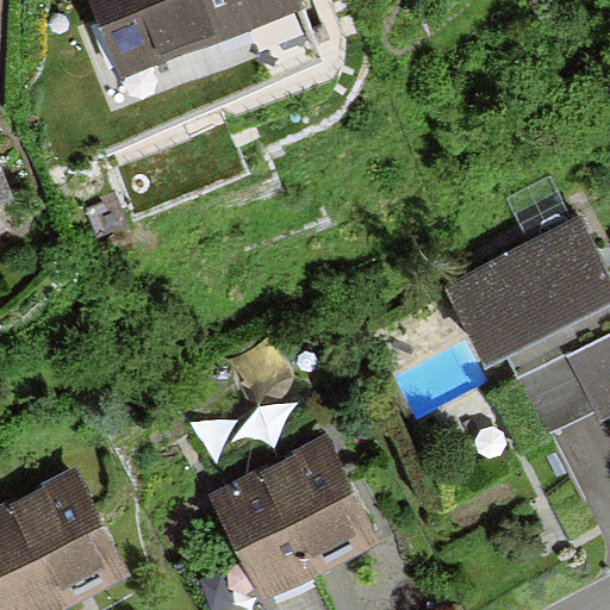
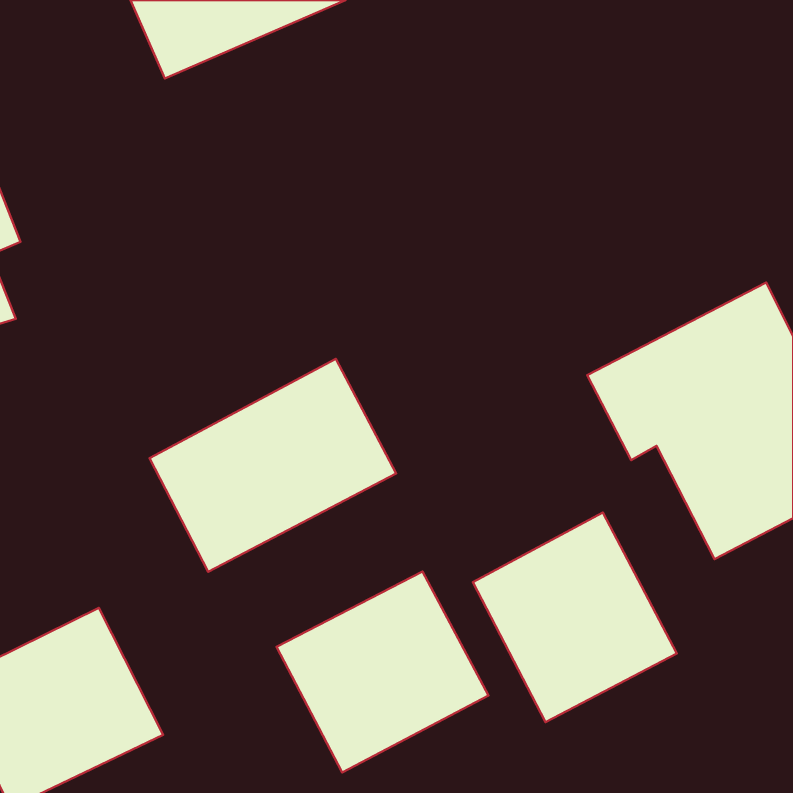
building: none -> [149,359,396,572]
building: none -> [473,513,677,722]

